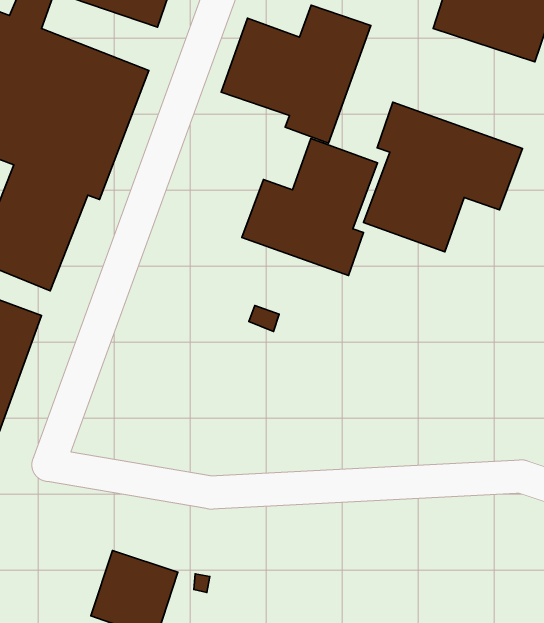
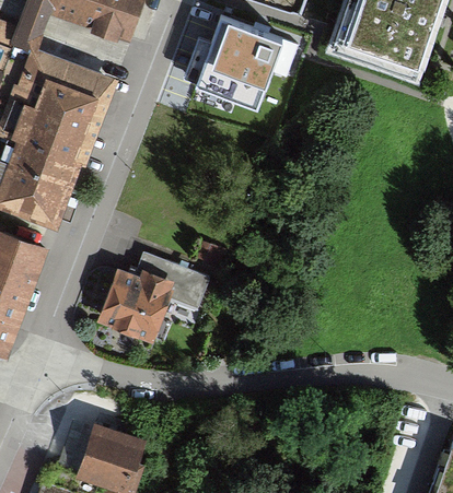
building: [363,102,522,252] -> none
building: [242,138,378,275] -> none
building: none -> [103,260,207,343]

